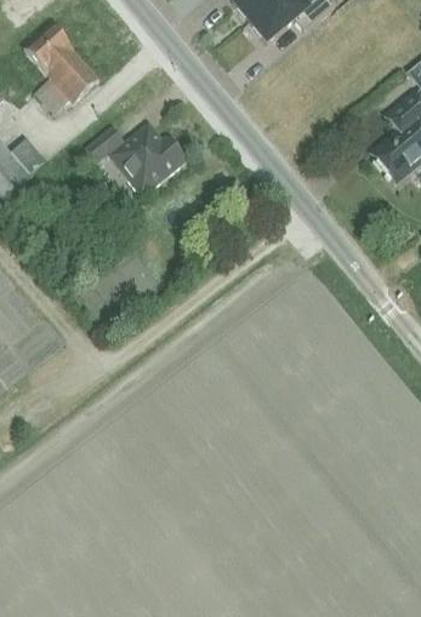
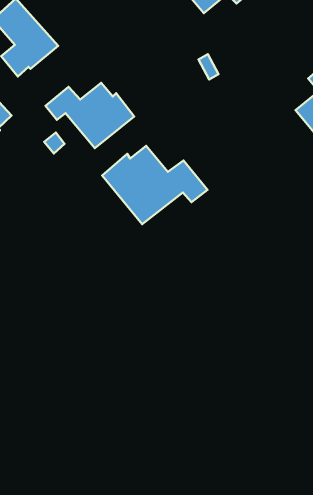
building: none -> [102,146,207,224]

